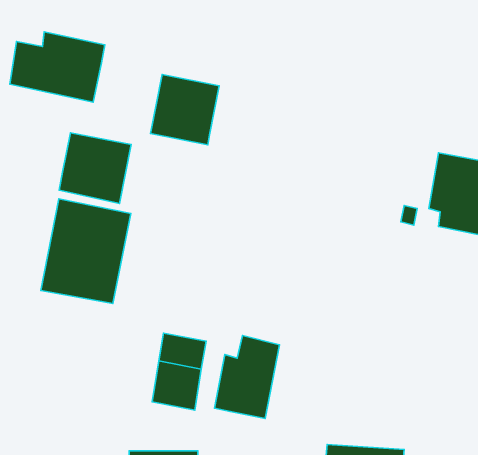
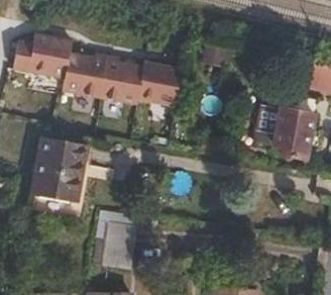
building: none -> [137,62,183,105]
building: [59,133,131,203] -> [64,53,108,96]
building: [214,335,279,419] -> none

